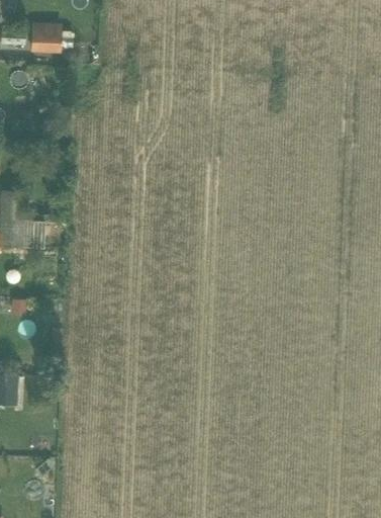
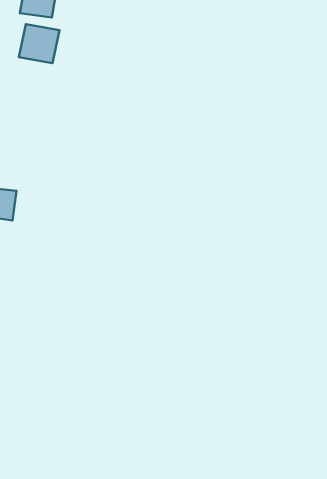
building: none -> [19,24,59,63]

